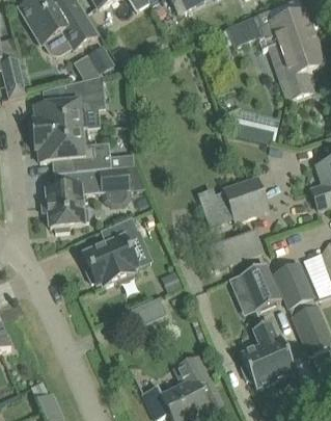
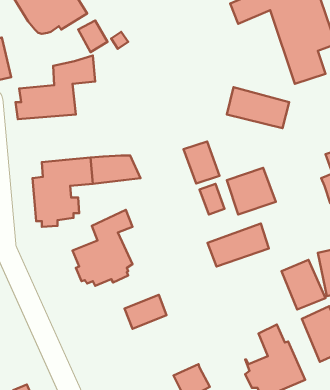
building: [33,128,111,169] -> none
building: none -> [184,142,220,184]
building: [228,262,281,310] -> none

